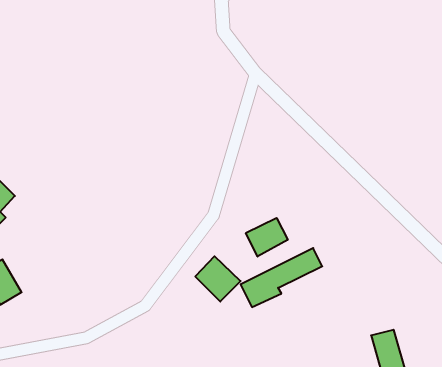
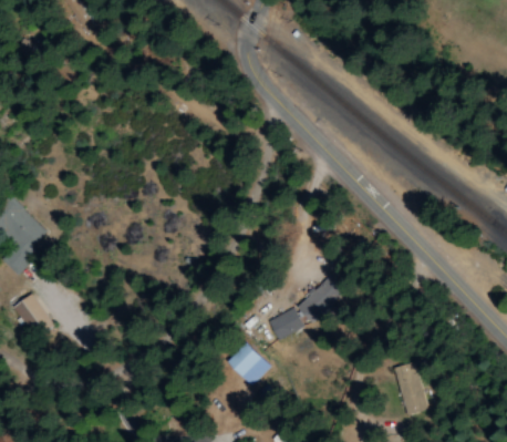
building: [246,218,288,257] -> none
building: [195,256,241,302] -> [227,343,271,388]

